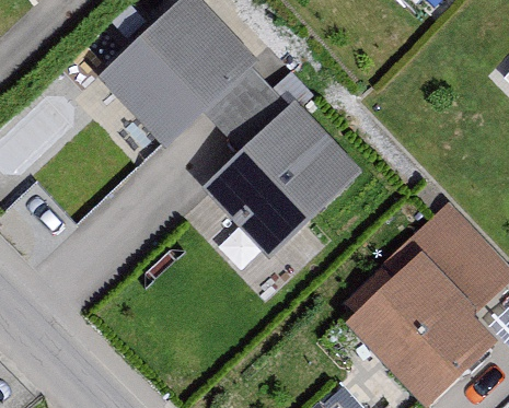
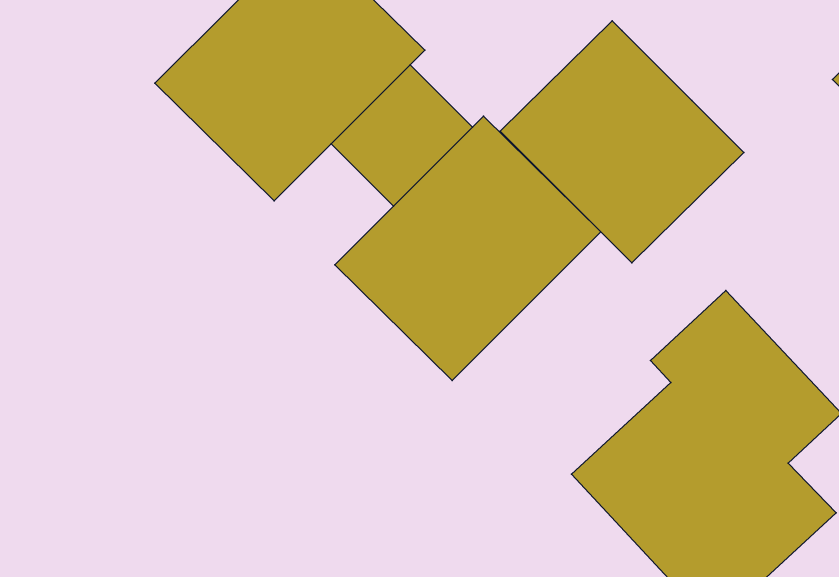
building: none -> [500,21,744,263]

